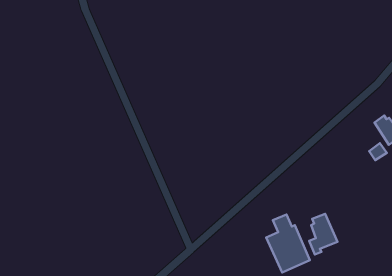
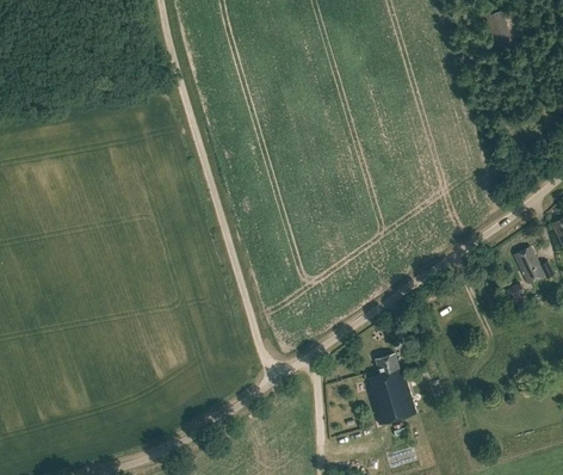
building: [309,214,337,255] -> none

